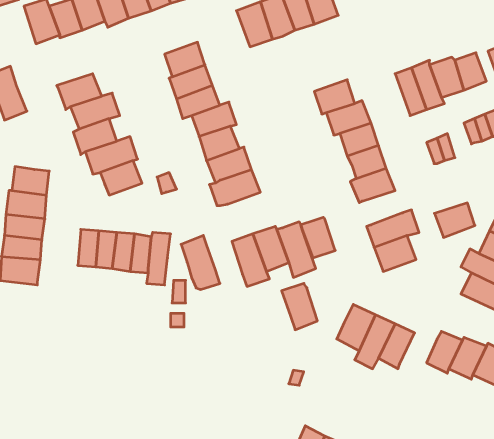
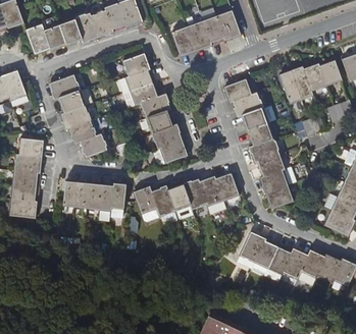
building: [434,203,475,237] -> [257,154,285,177]
building: [282,283,317,330] -> [151,185,175,217]
building: none -> [283,247,308,278]

